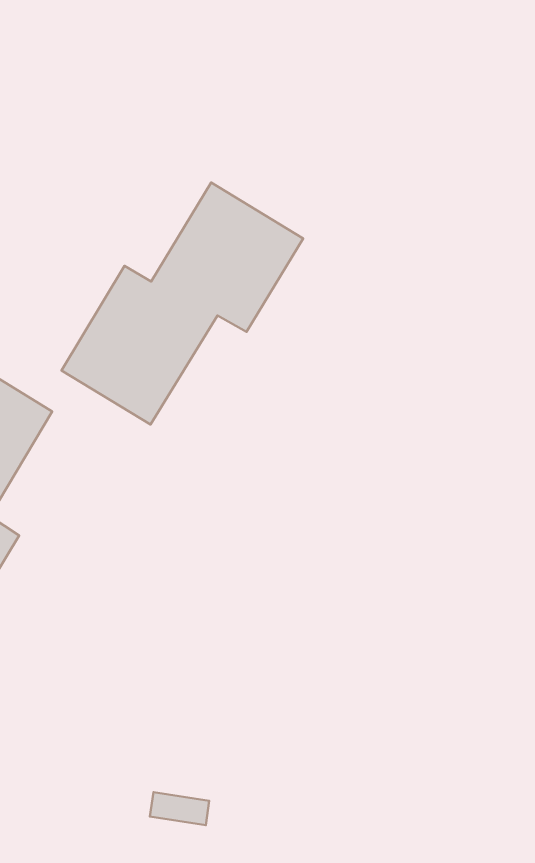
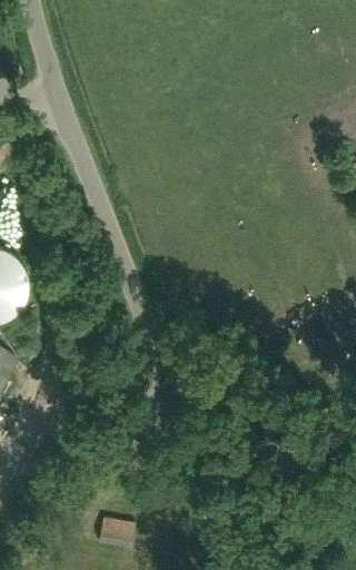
building: [61,182,303,425] -> none

